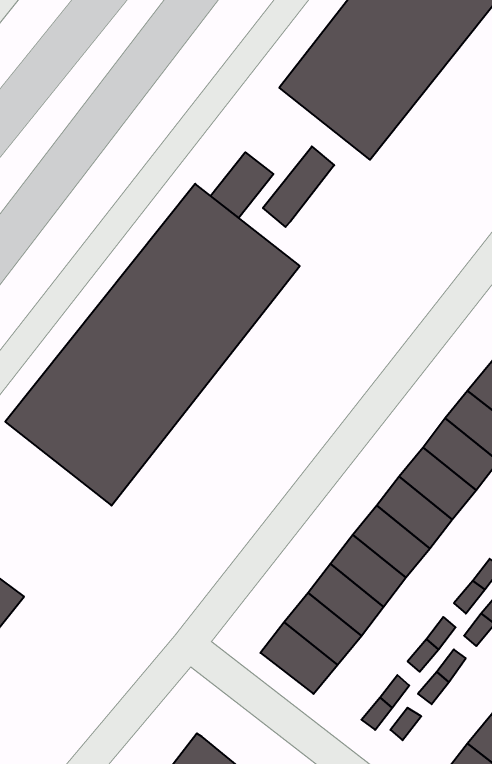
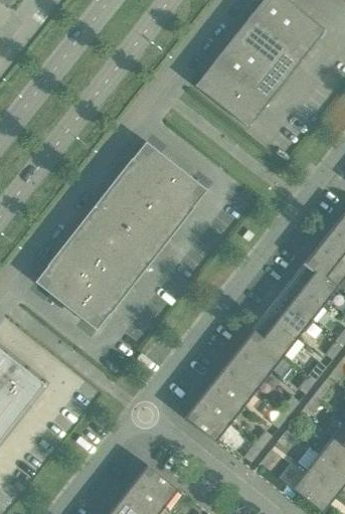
building: [263,146,334,227] -> none
building: [211,152,273,218] -> none

